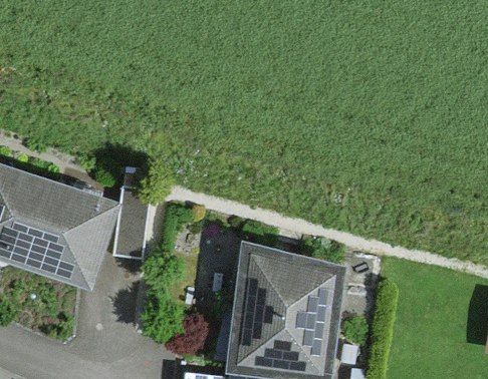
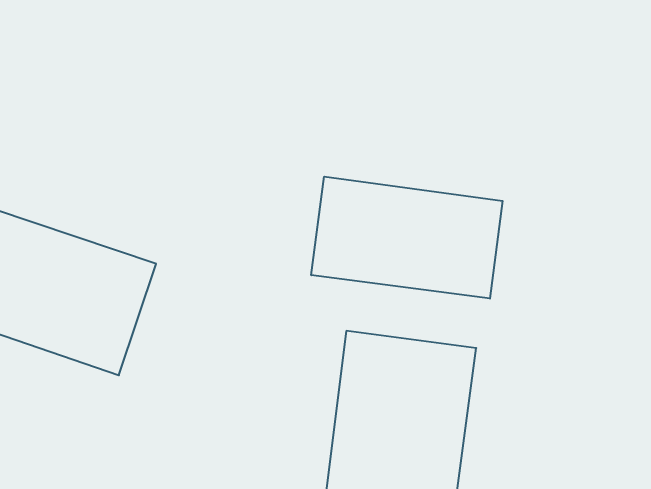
building: none -> [311,177,503,299]

